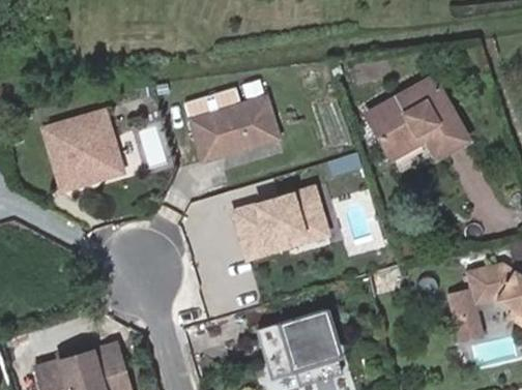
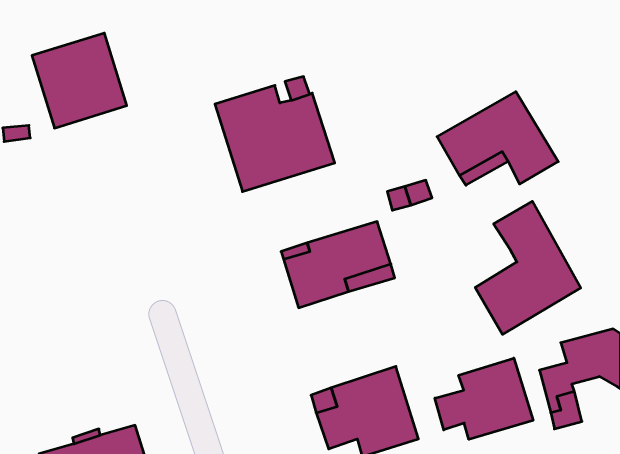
building: [42,111,121,189] -> [32,33,127,128]
building: none -> [475,201,581,334]
building: none -> [435,358,533,439]

